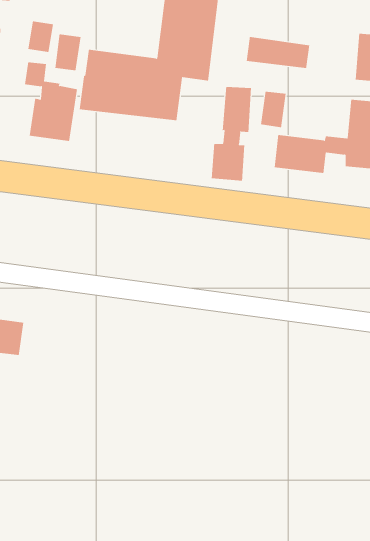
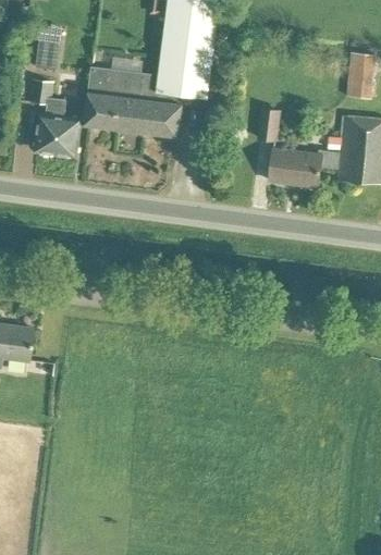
building: [55,34,81,71] -> none
building: [246,36,310,69] -> none
building: [211,86,251,182] -> none

